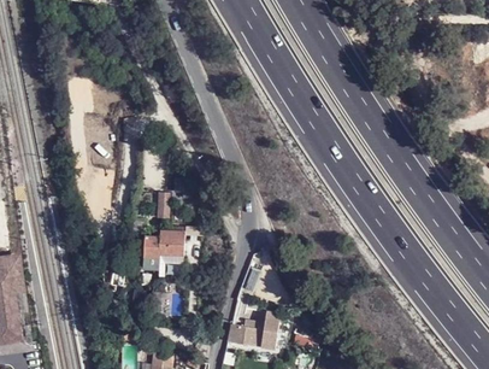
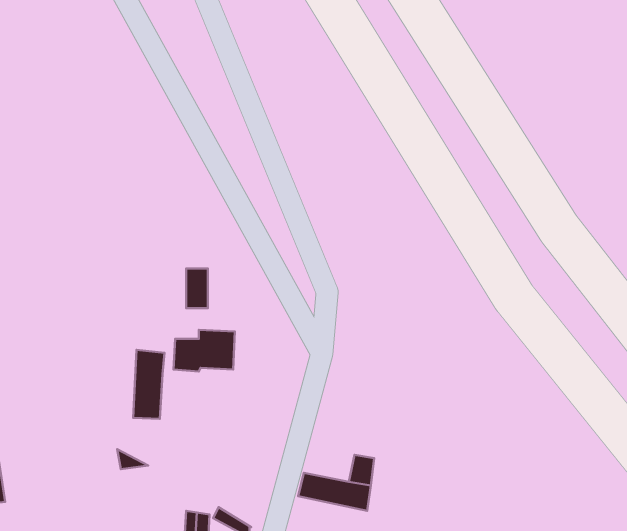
building: none -> [133,350,165,419]

